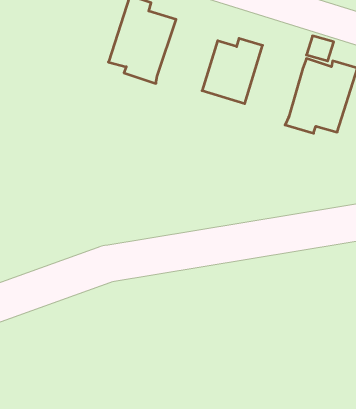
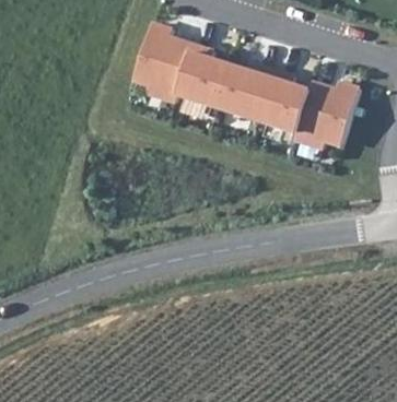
building: none -> [176,43,232,108]
building: none -> [257,67,311,132]

